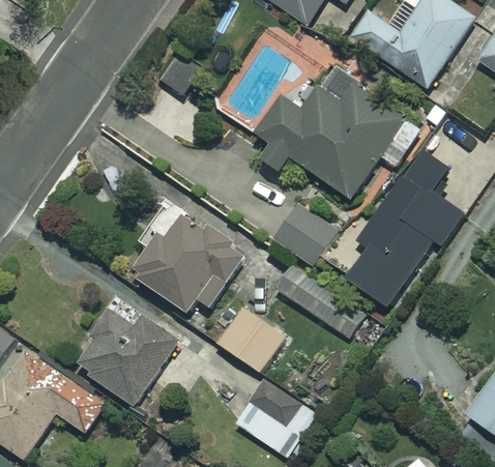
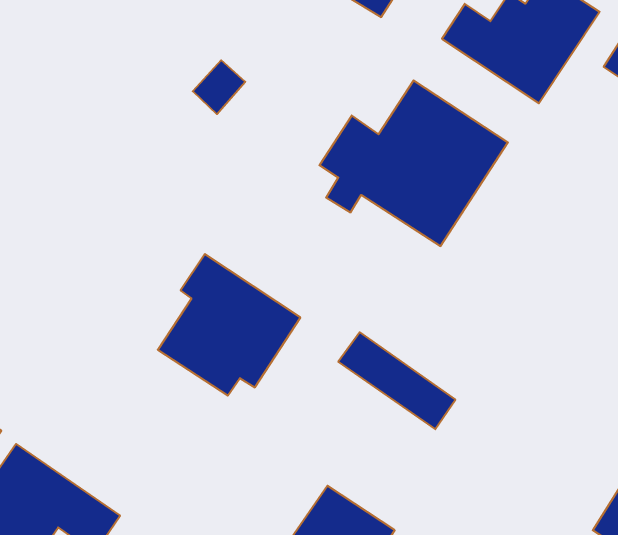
building: [348,151,456,305] -> none
building: [273,204,338,266] -> none
building: [217,307,287,373] -> none
building: [74,311,176,404] -> none

